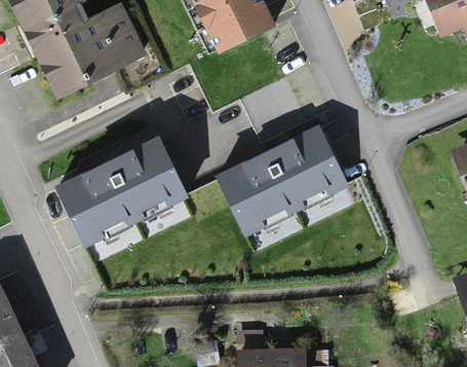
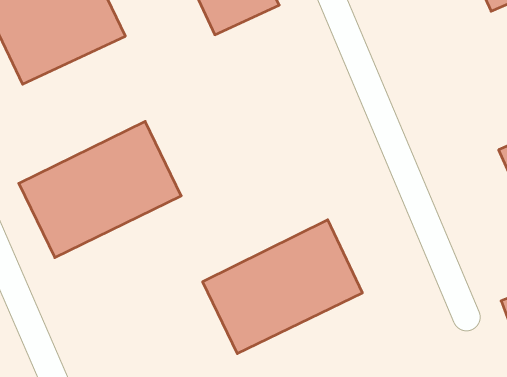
building: [216,119,348,230] -> [203,220,362,354]

